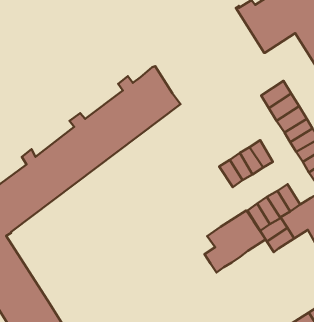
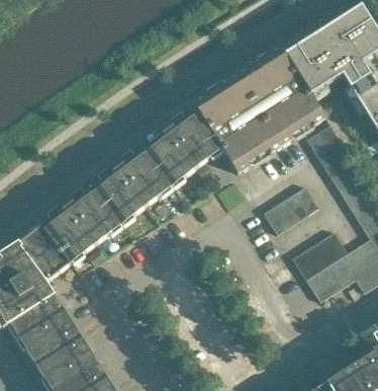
building: none -> [193,47,325,171]
building: [204,211,266,272] -> none

